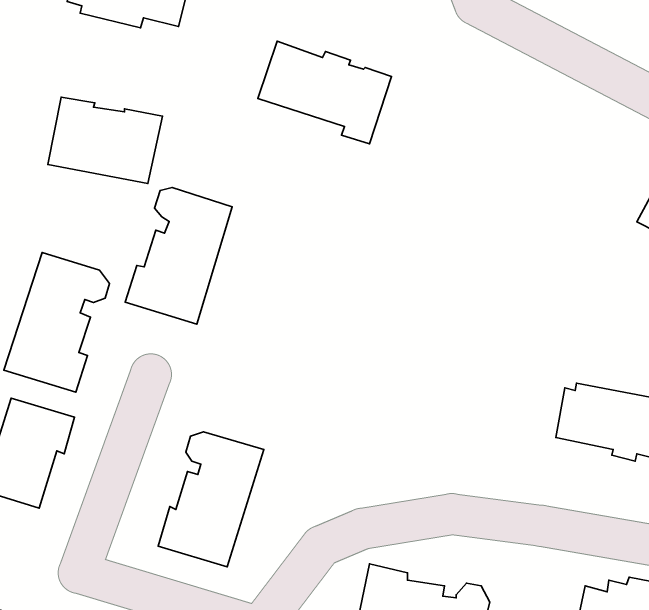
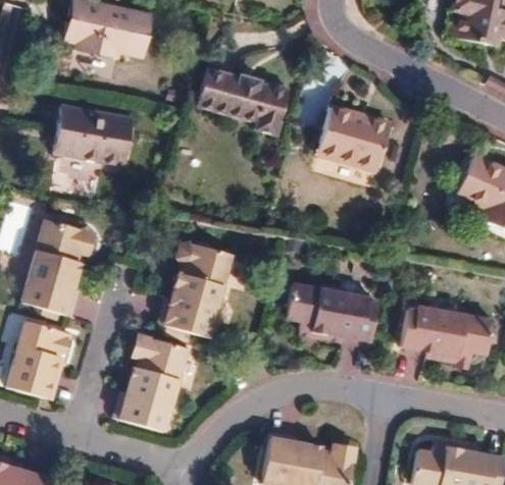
building: none -> [316,109,388,172]
building: [125,188,232,324] -> [169,245,244,339]
building: none -> [286,282,375,338]

